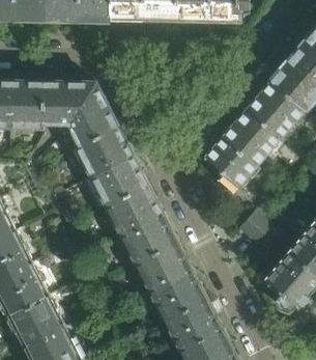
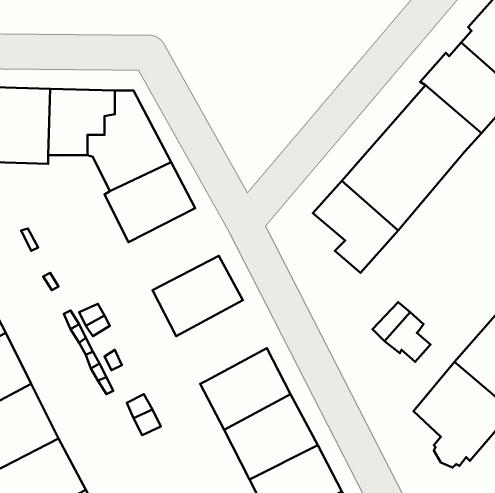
building: [91,155,146,204] -> none
building: [120,211,175,261] -> none

